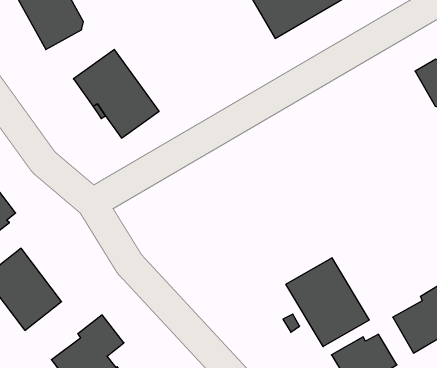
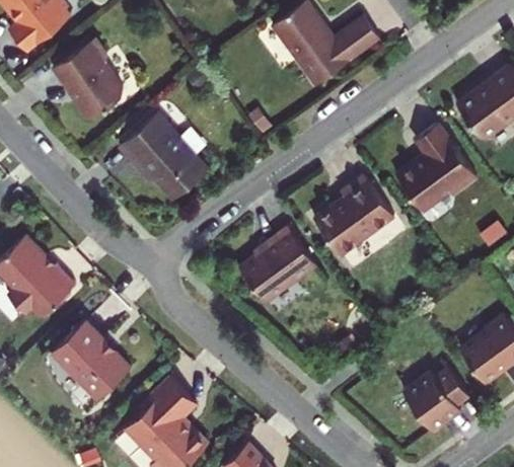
building: none -> [395,124,476,212]
building: none -> [313,174,394,256]
building: none -> [239,227,316,303]
building: [286,258,369,347] -> none

